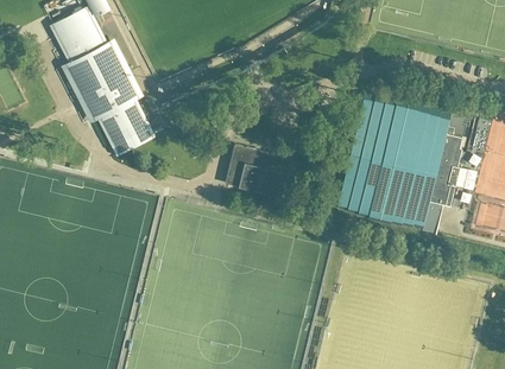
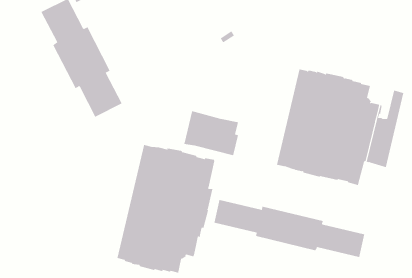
building: none -> [117,144,215,273]
building: none -> [214,199,365,258]

